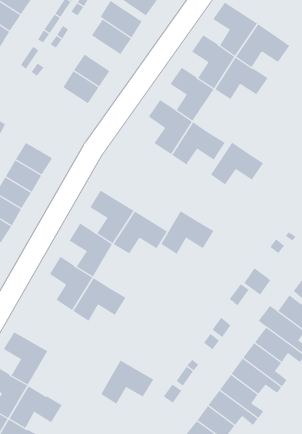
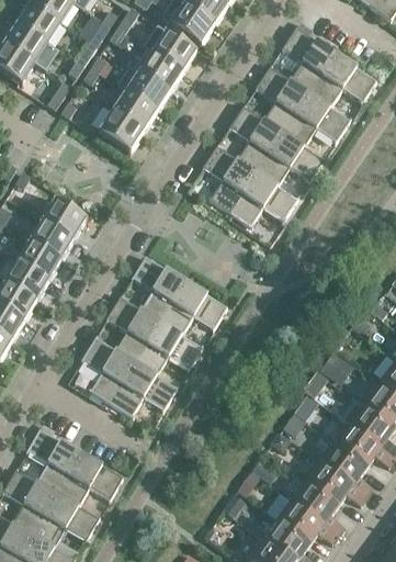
building: none -> [116,65,170,112]
building: [210,142,265,185] -> [258,134,325,187]
building: [160,211,215,255] -> [136,323,203,376]
building: [100,360,154,405] -> [57,453,123,508]

